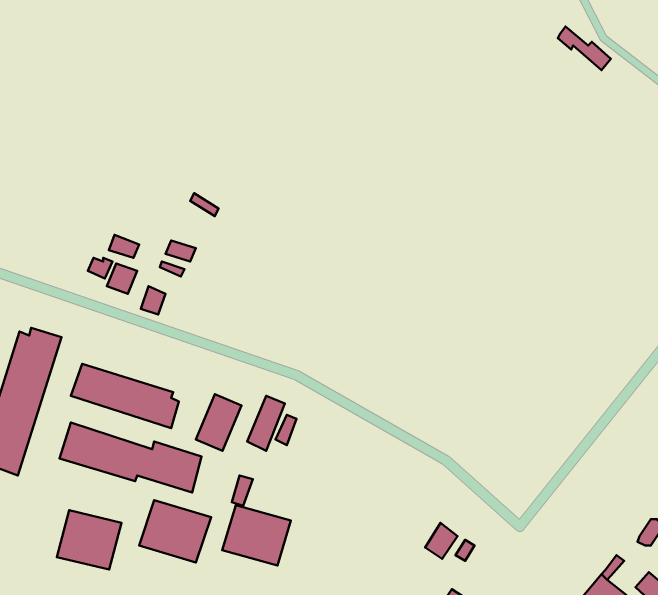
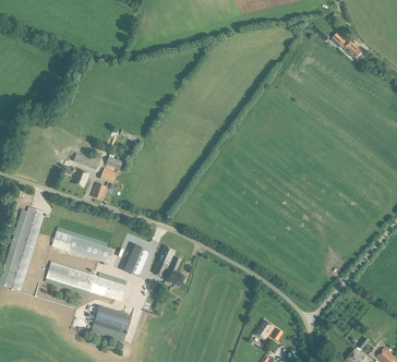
building: [222,505,291,566] -> none
building: [57,510,121,570] -> none

